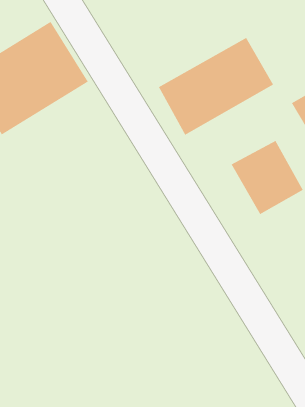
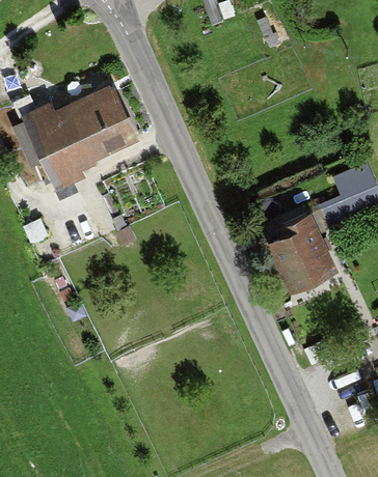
building: [158,37,274,136] -> none

